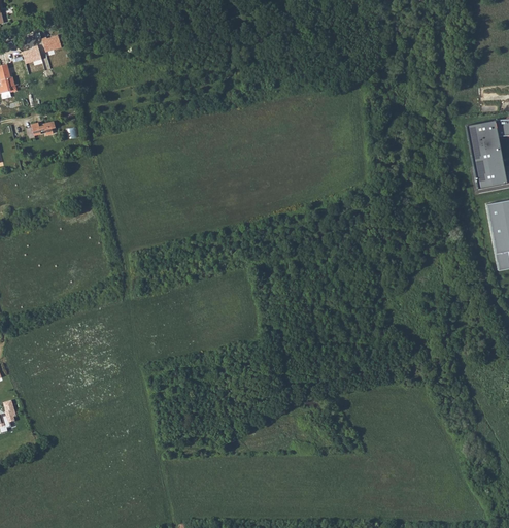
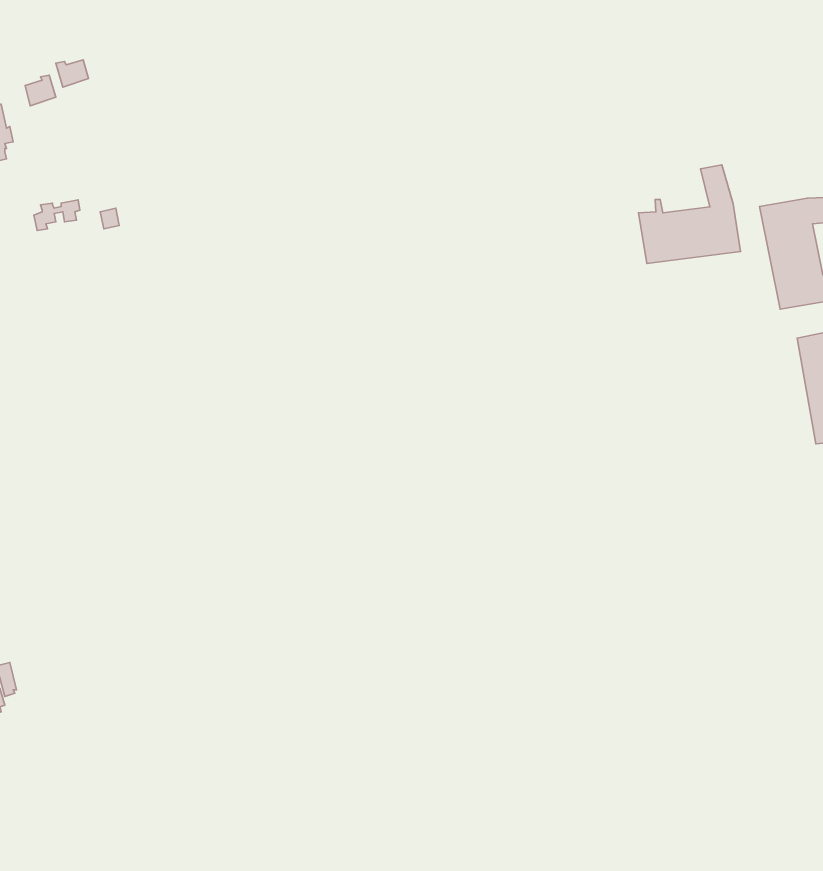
building: none -> [638,165,740,264]

